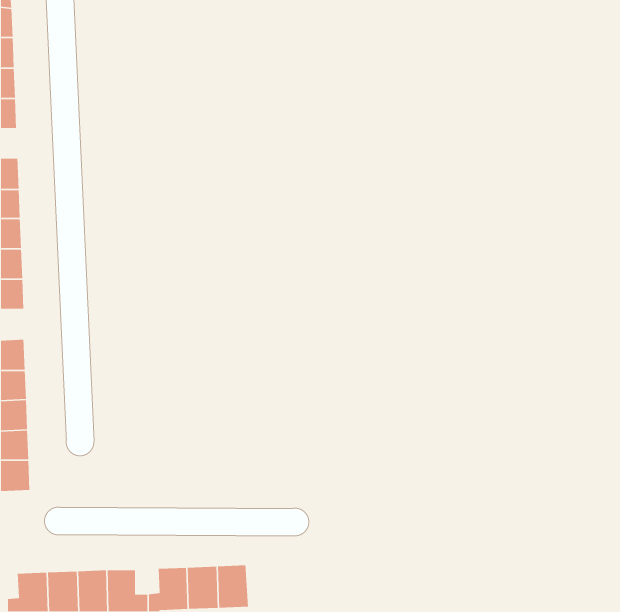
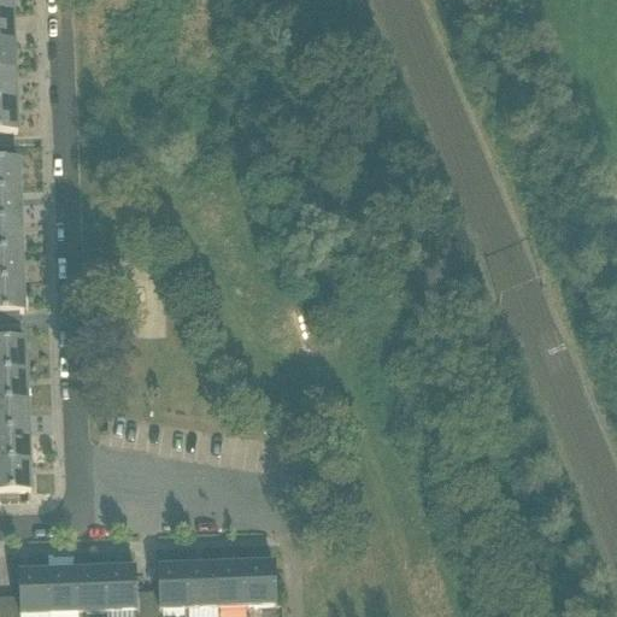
building: none -> [245,560,275,603]

